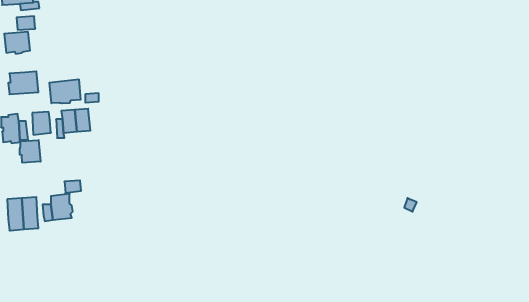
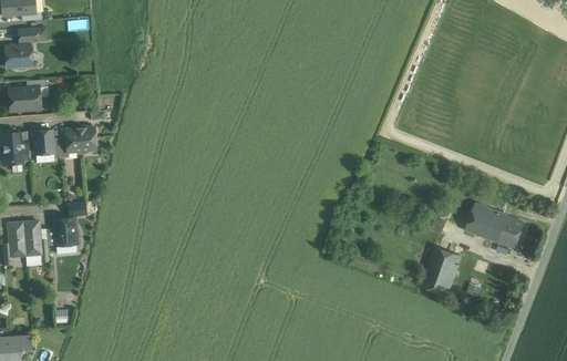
building: [49,79,81,103] -> none
building: [20,140,41,163] -> none
building: none -> [466,205,525,248]
building: none -> [419,246,460,295]

